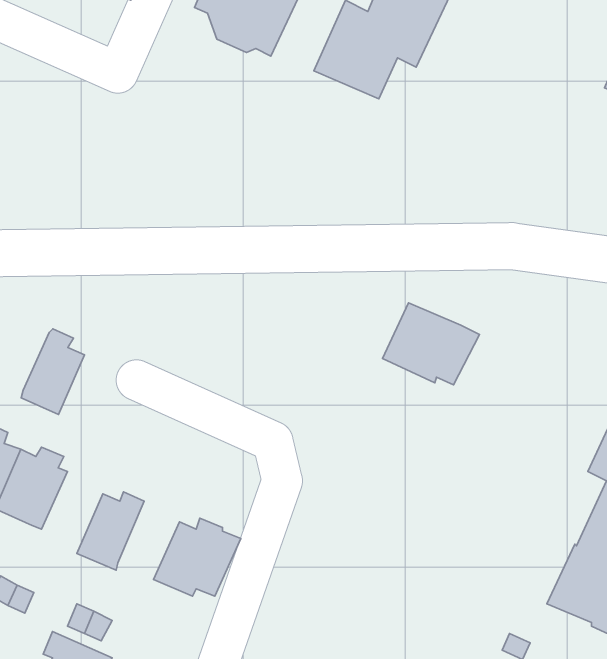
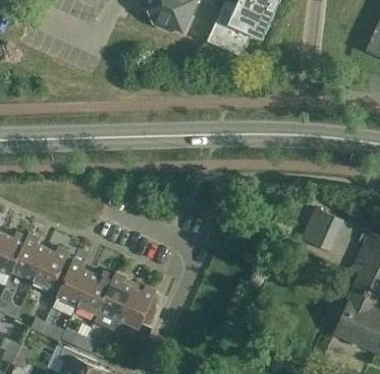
building: [383,303,479,385] -> [302,207,355,252]
building: [21,329,85,415] -> [57,258,92,305]
building: none -> [100,273,133,319]

